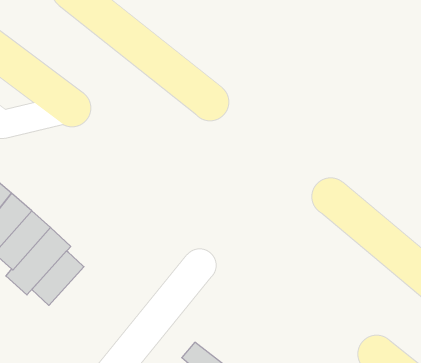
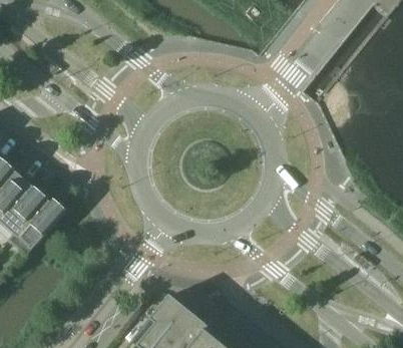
building: [32,251,84,305] -> none

